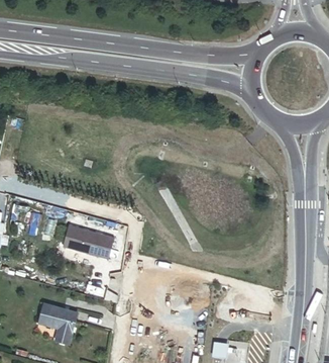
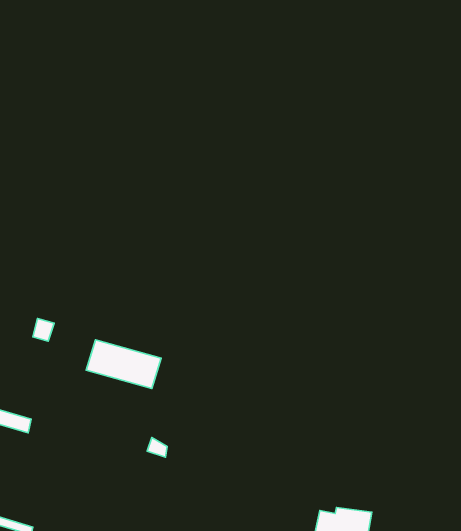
building: [39,303,78,343] -> none

